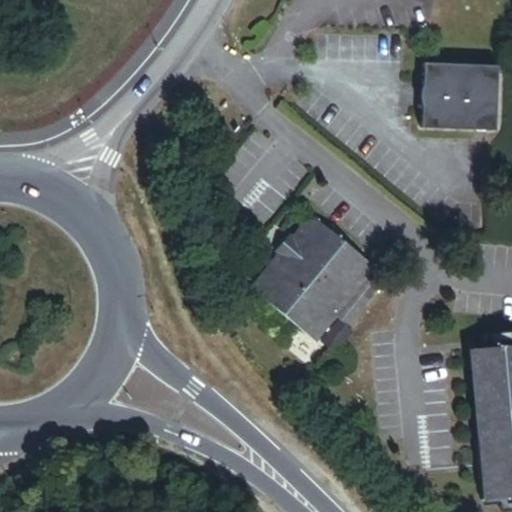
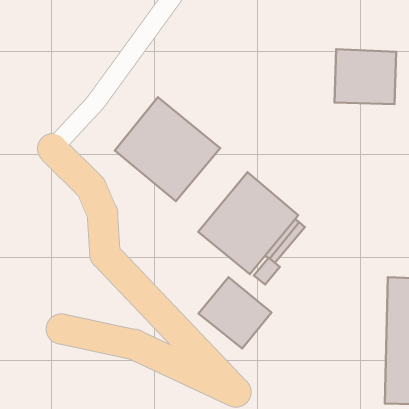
building: none -> [115,97,220,201]
building: none -> [199,277,272,349]

